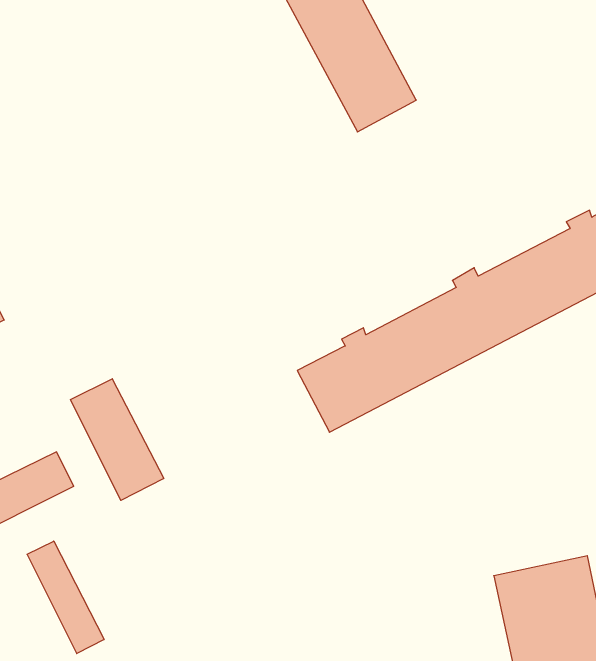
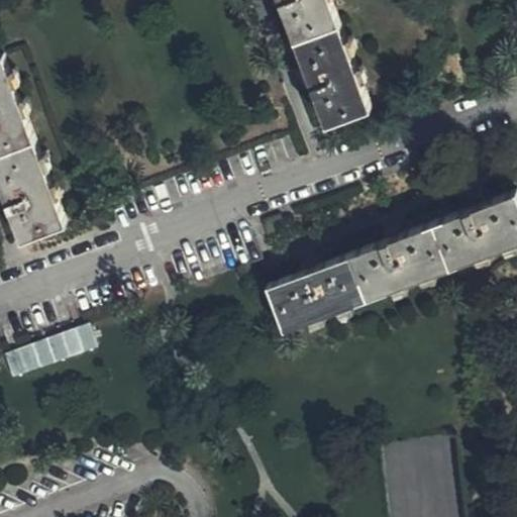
building: [70,379,164,500] -> none
building: [27,541,104,654] -> none

